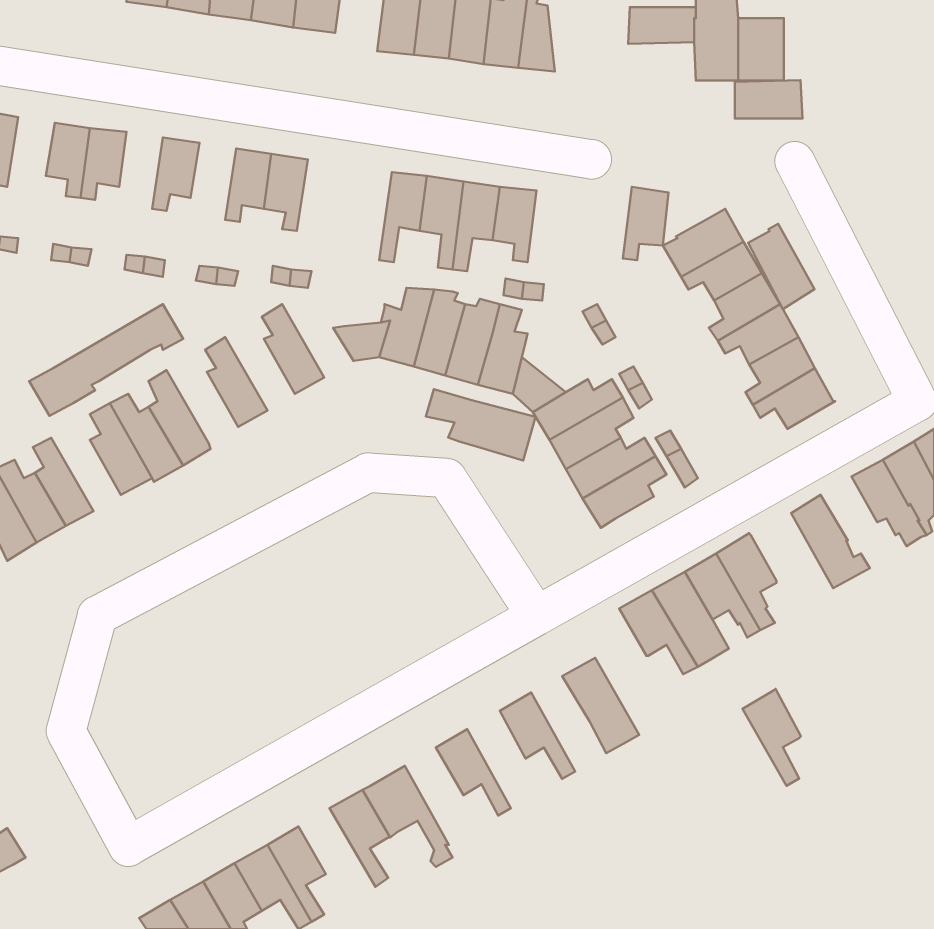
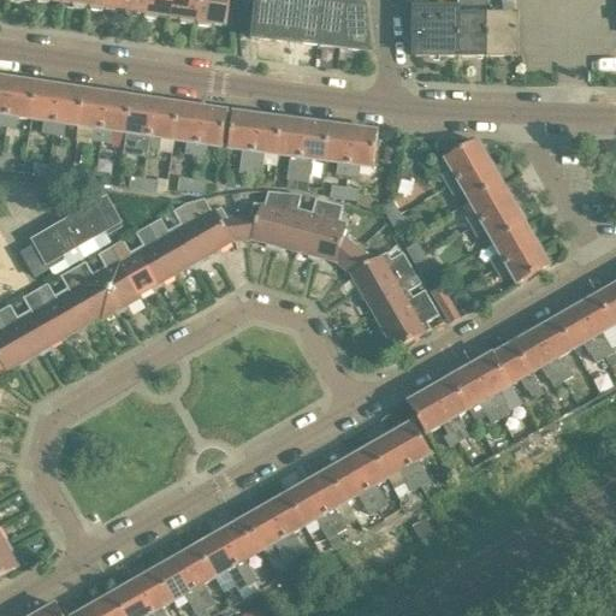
building: [735,80,802,119] -> [413,28,457,53]
building: none -> [5,77,36,124]
building: none -> [78,87,107,137]
building: none -> [123,94,155,153]
building: none -> [195,105,226,153]
building: none -> [227,109,257,171]
building: [623,187,668,260] -> [346,125,377,173]
building: [748,224,815,309] -> none
building: none -> [185,195,232,248]
building: none -> [148,215,194,270]
building: none -> [109,237,156,291]
building: [426,389,536,460] -> none
building: none -> [34,280,79,336]
building: none -> [539,313,576,355]
building: none -> [493,337,547,395]
building: none -> [349,444,387,507]
building: [742,689,801,786] -> [391,419,430,482]
building: none -> [307,467,356,531]
building: none -> [266,491,304,555]
building: none -> [196,531,247,587]

